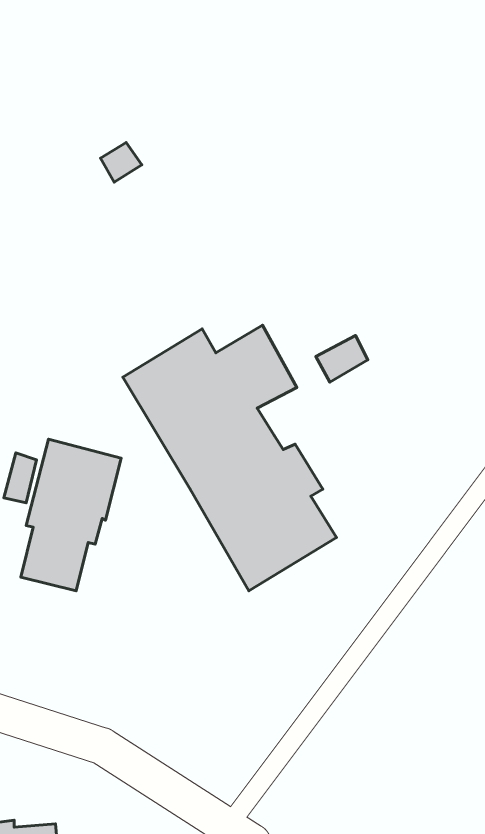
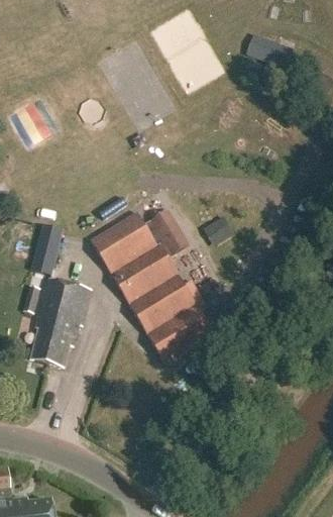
building: none -> [248,37,293,70]
building: none -> [30,225,63,274]

